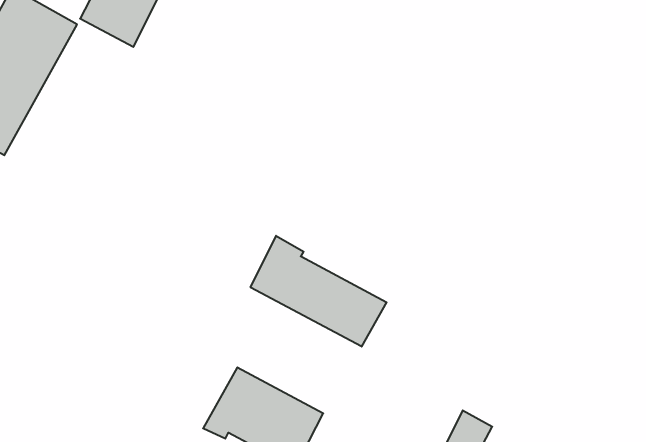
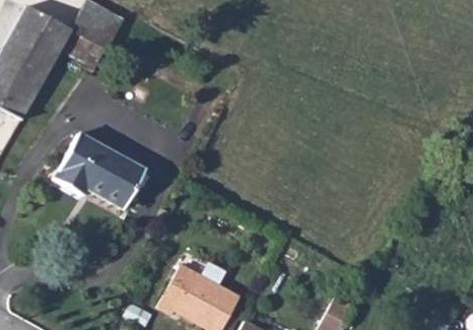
building: none -> [53,134,145,210]
building: [251,236,387,347] -> none

